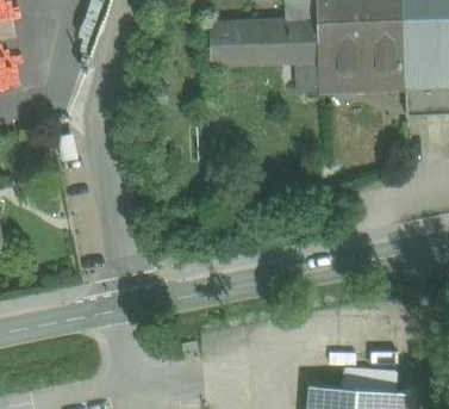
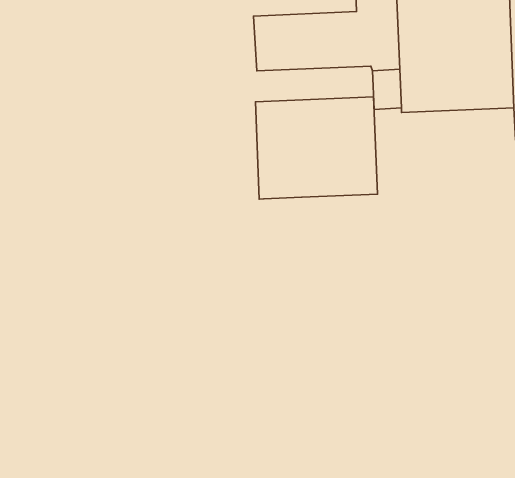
building: none -> [255,97,377,199]

